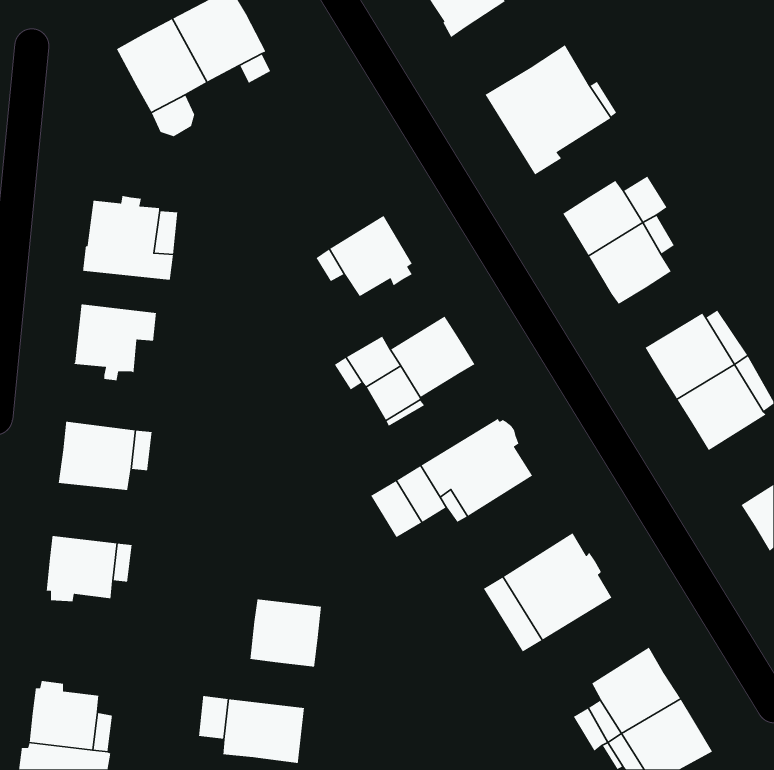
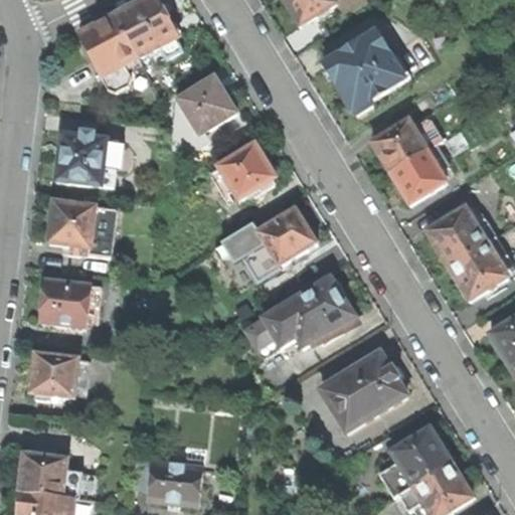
building: none -> [177,76,233,132]
building: none -> [85,206,116,254]
building: [250,598,322,667] -> none

